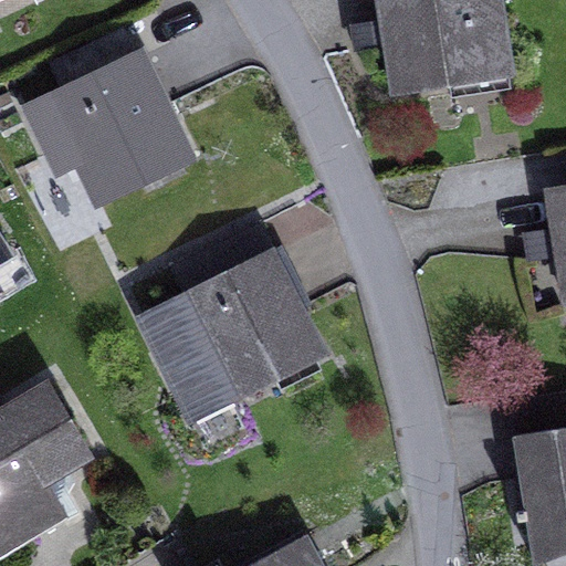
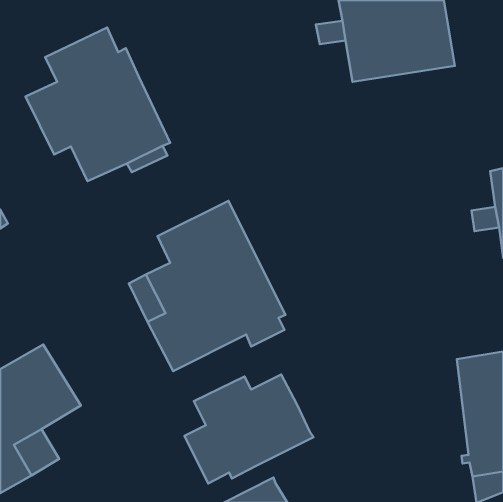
building: none -> [185,375,313,483]

